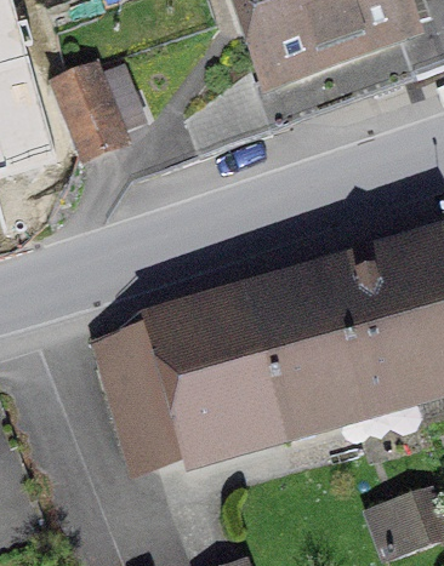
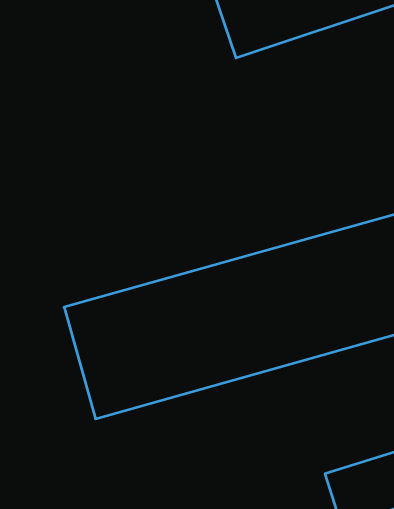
building: [52,57,136,162] -> none

